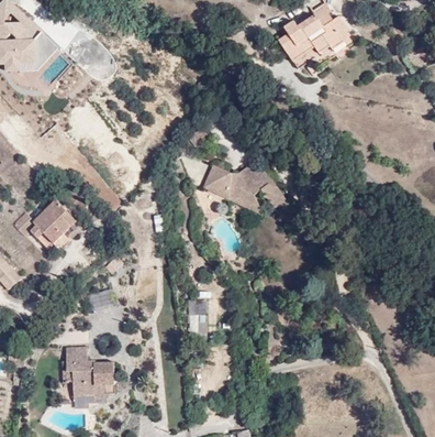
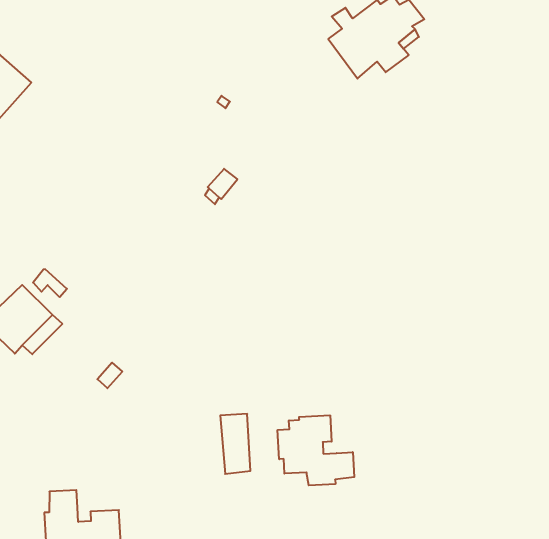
building: [201,161,287,216] -> none
building: none -> [278,415,354,485]

